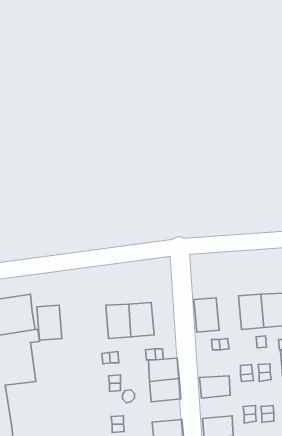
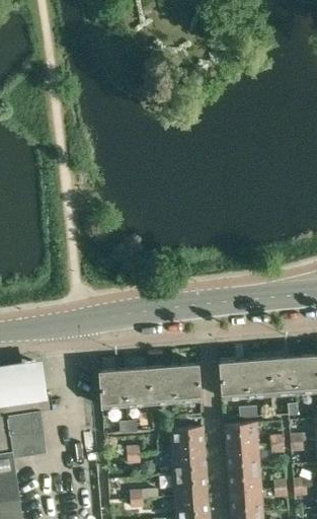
building: none -> [244,360,271,397]
building: none -> [173,365,201,402]
building: [37,305,62,340] -> [99,370,127,409]
building: none -> [224,424,258,449]
building: none -> [228,468,261,494]
building: none -> [173,472,207,498]

